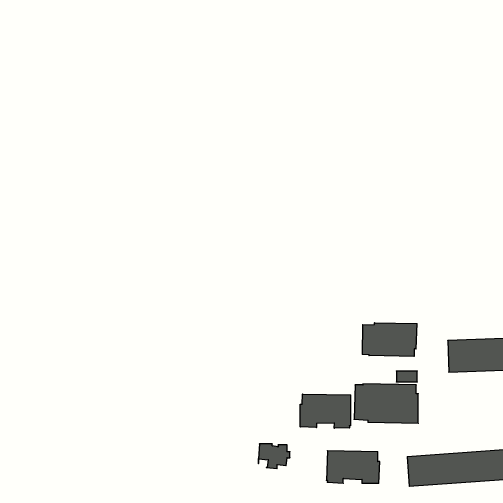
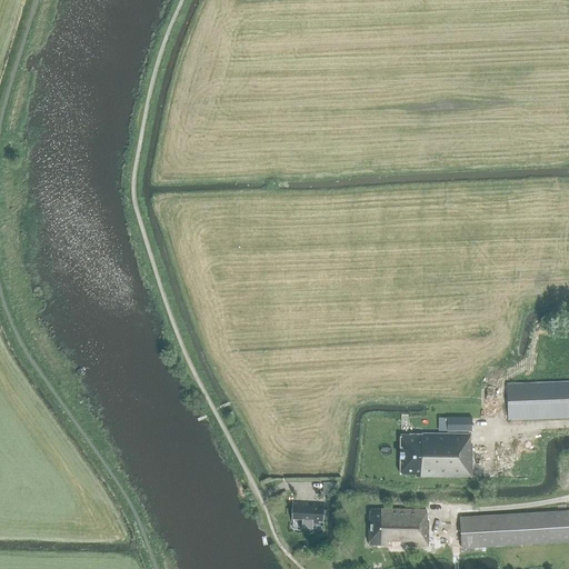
building: [362,323,417,356] -> none
building: [300,394,351,428] -> none

